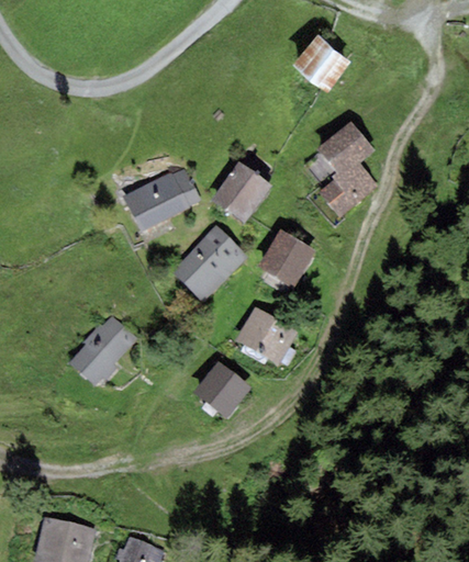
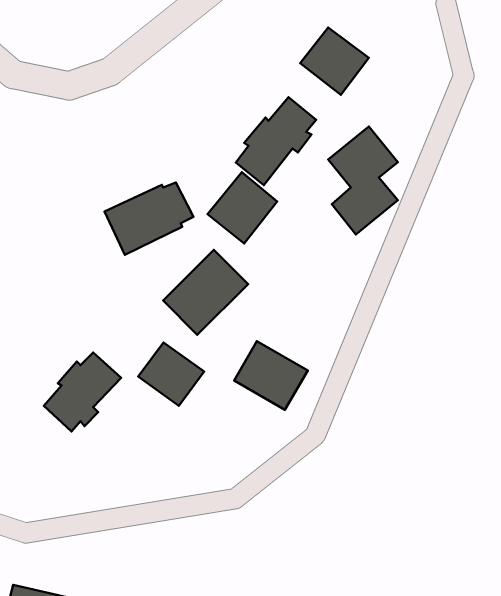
building: none -> [236,97,316,185]
building: [258,228,315,286] -> none
building: [193,362,250,417] -> [138,342,204,406]

